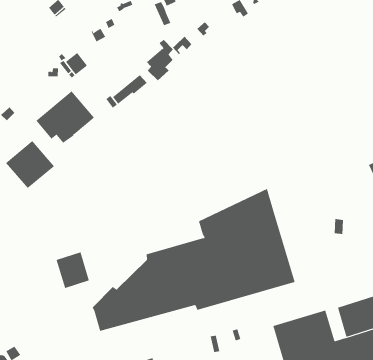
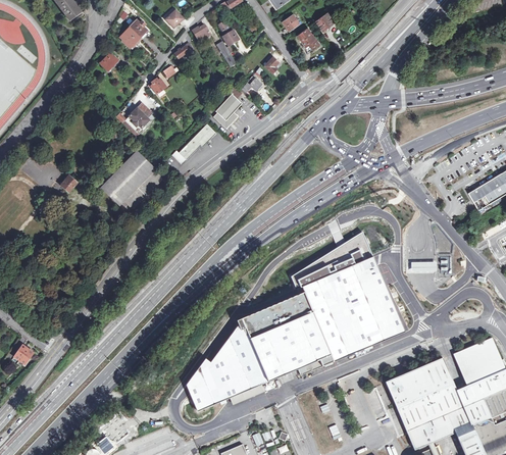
building: [5,140,55,189] -> none
building: [56,251,90,289] -> none

